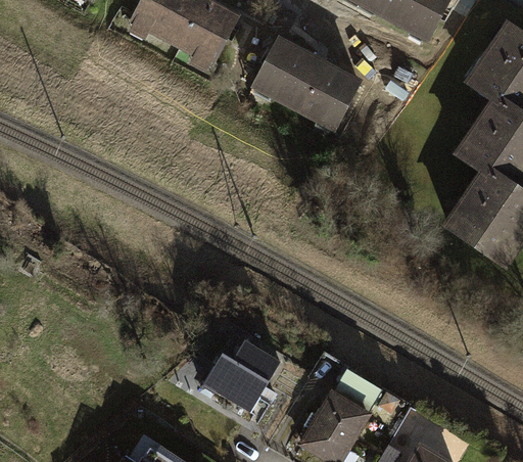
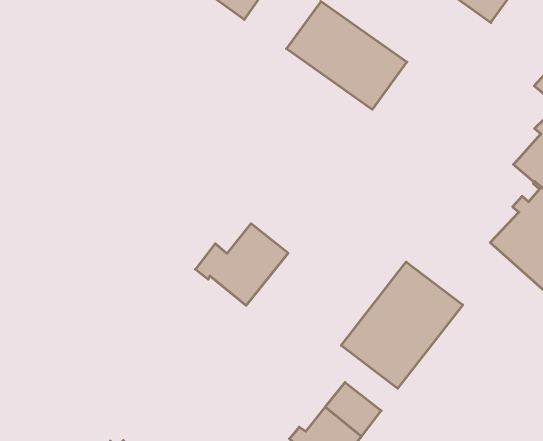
building: none -> [341,262,463,388]
building: [198,340,277,412] -> [195,224,288,305]

